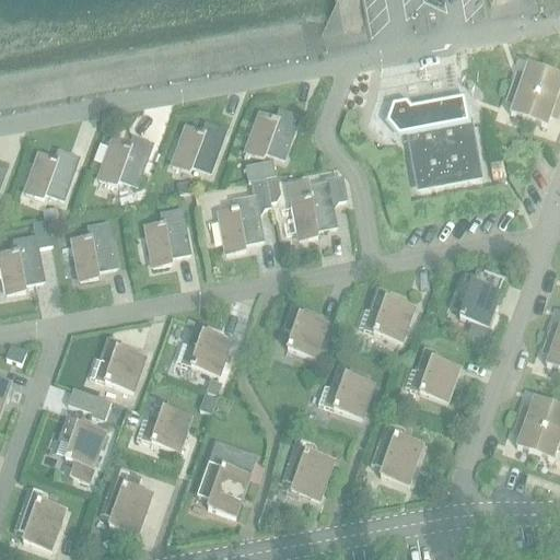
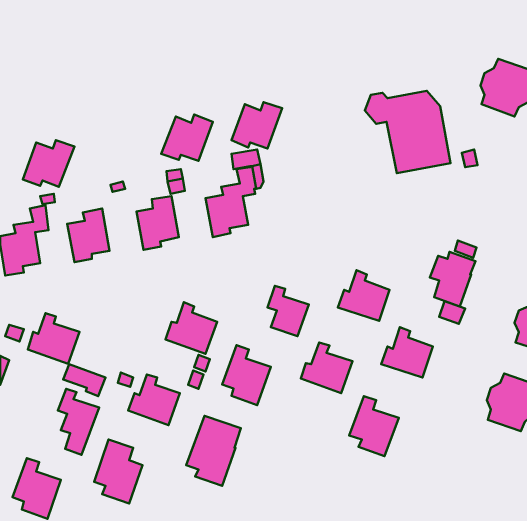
building: [98,135,153,185] -> none
building: [289,176,347,237] -> none
building: [91,337,145,390] -> [28,313,80,364]
building: [282,436,334,500] -> [222,345,271,405]

